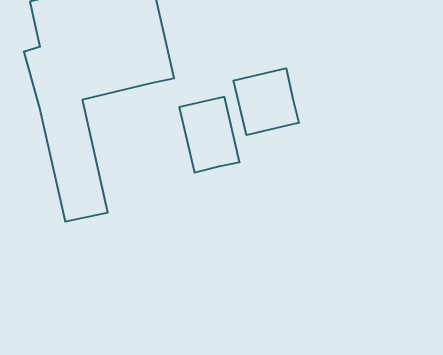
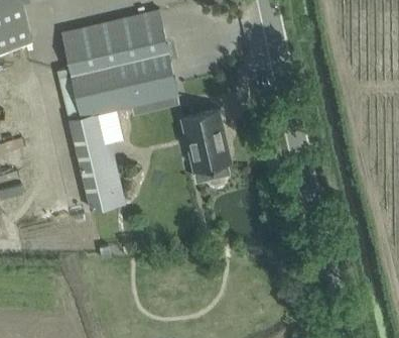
building: [234,68,299,135] -> none

